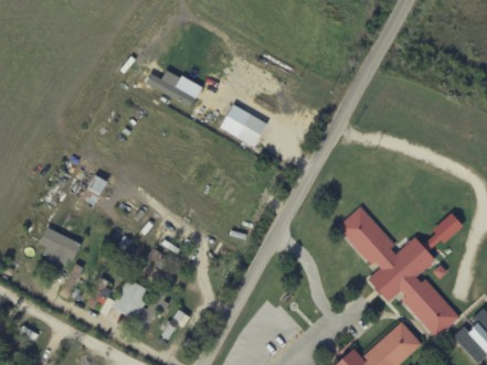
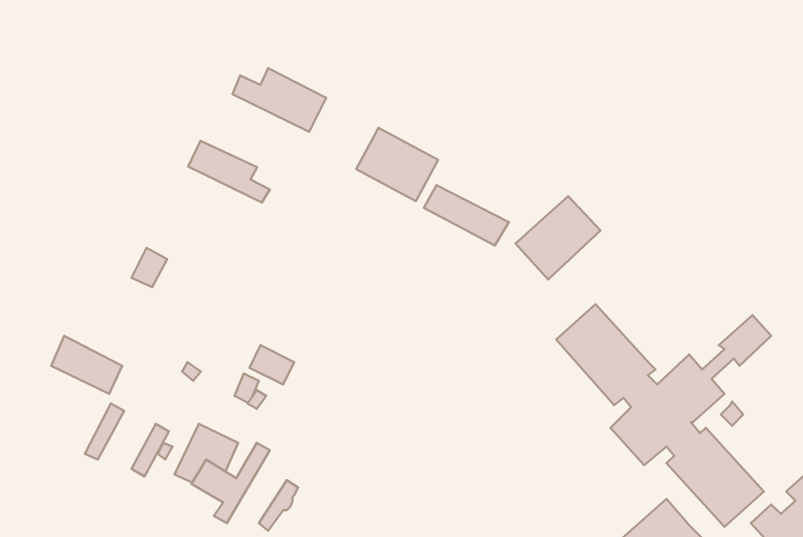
building: none -> [188,141,270,202]
building: none -> [424,185,509,246]
building: none -> [515,196,600,280]

